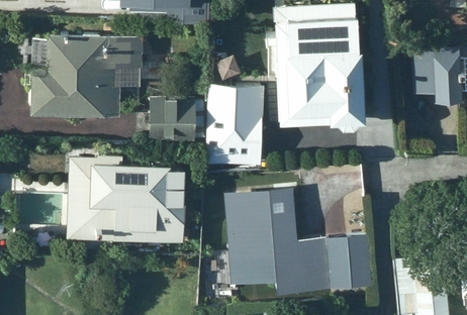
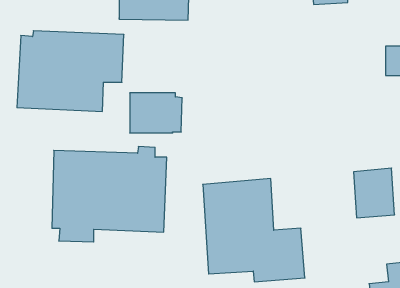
building: [280,8,371,123] -> none
building: [202,102,261,167] -> none
building: [326,237,369,289] -> [354,168,395,218]

